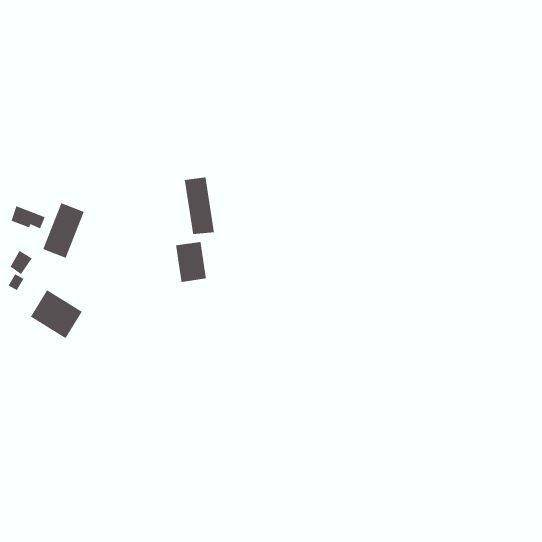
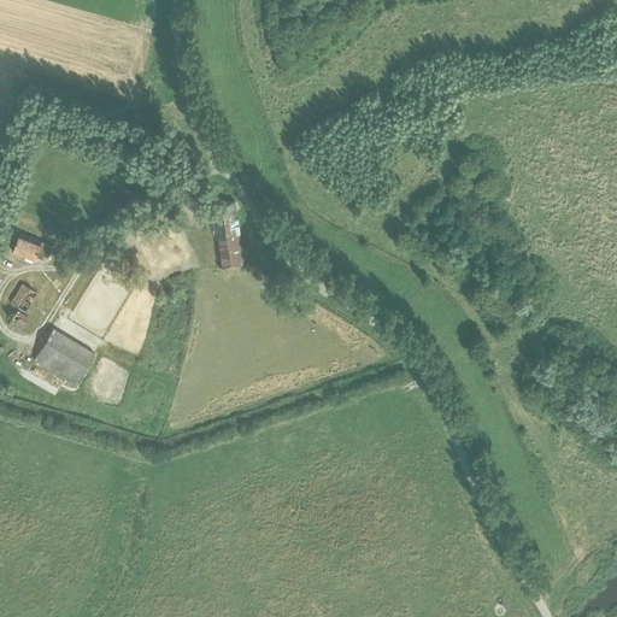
building: [42,202,85,259] -> none
building: [175,241,207,283] -> none

